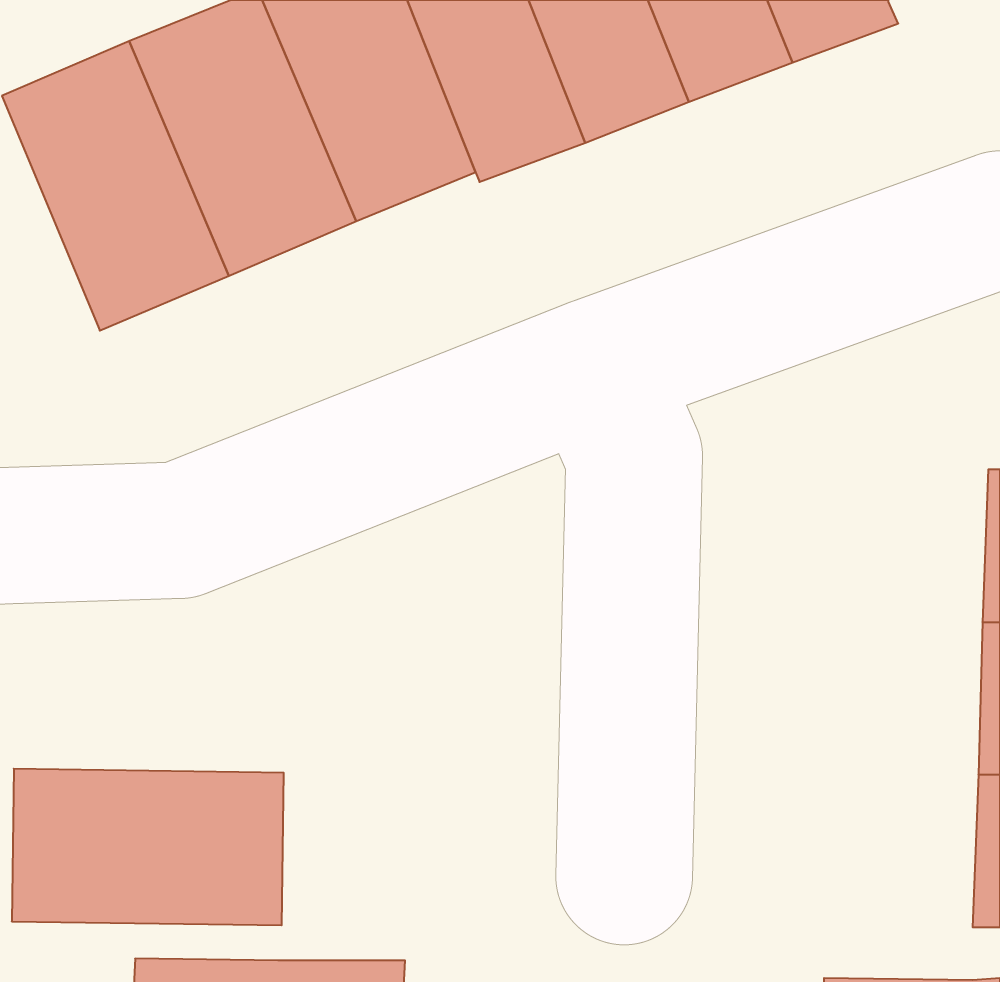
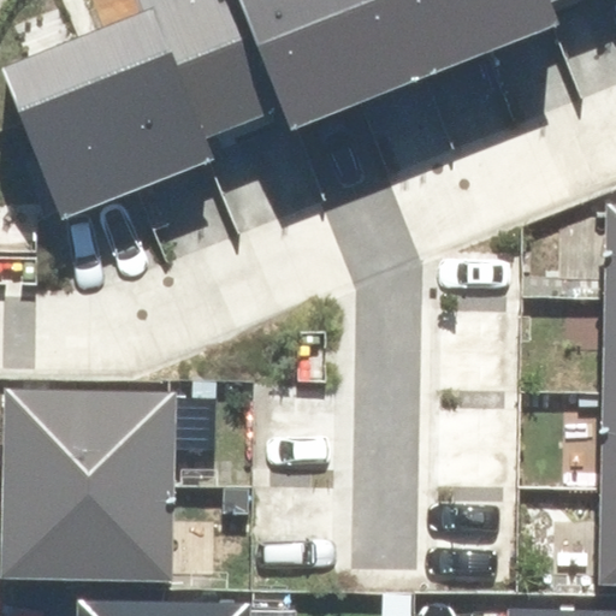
building: none -> [8,390,176,486]

